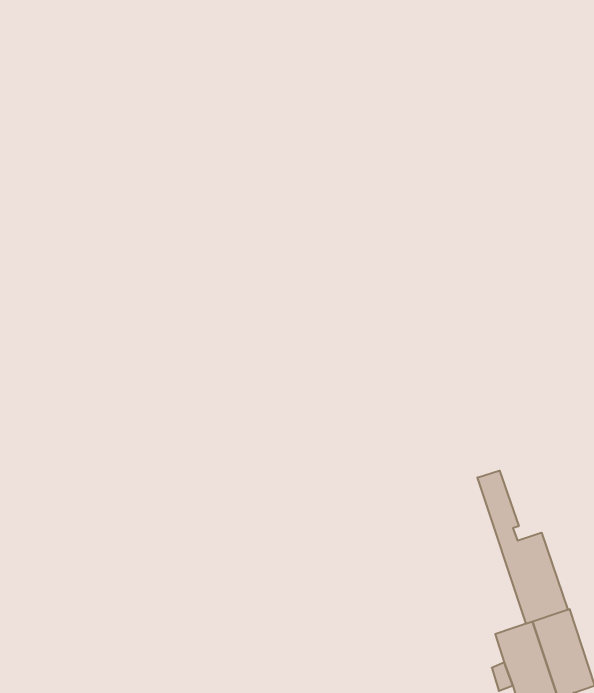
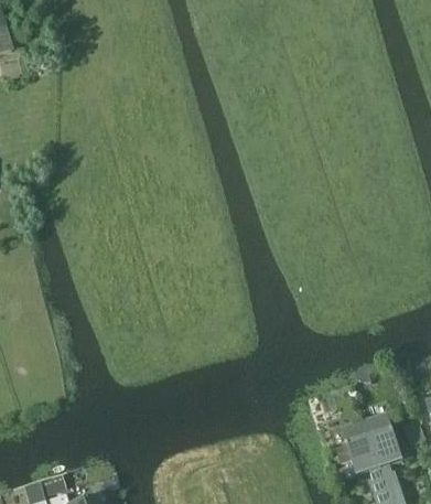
building: [477,471,568,624] -> none

